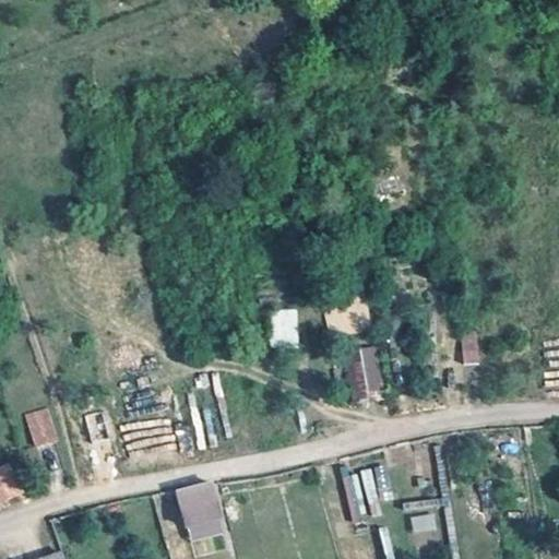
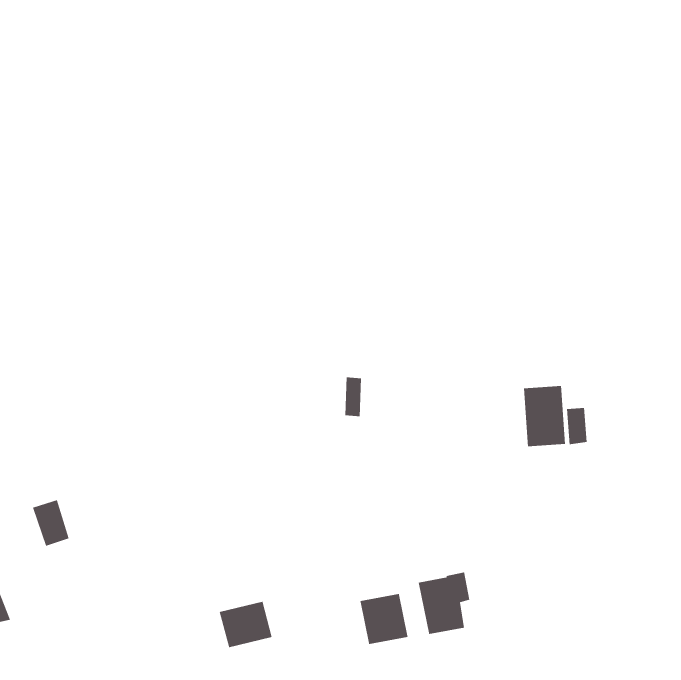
building: [345,345,380,395] -> [523,385,566,447]
building: none -> [360,593,408,645]

